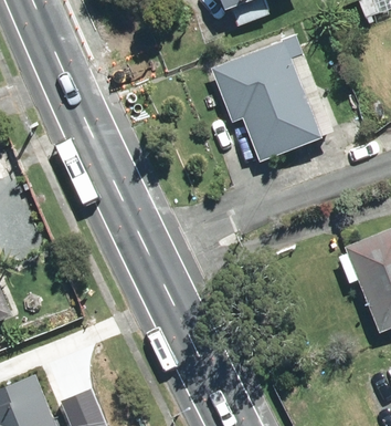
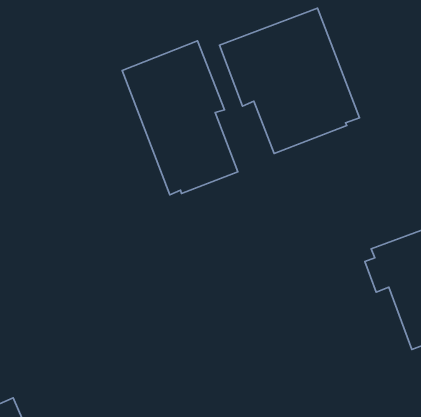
building: none -> [122,41,238,195]

